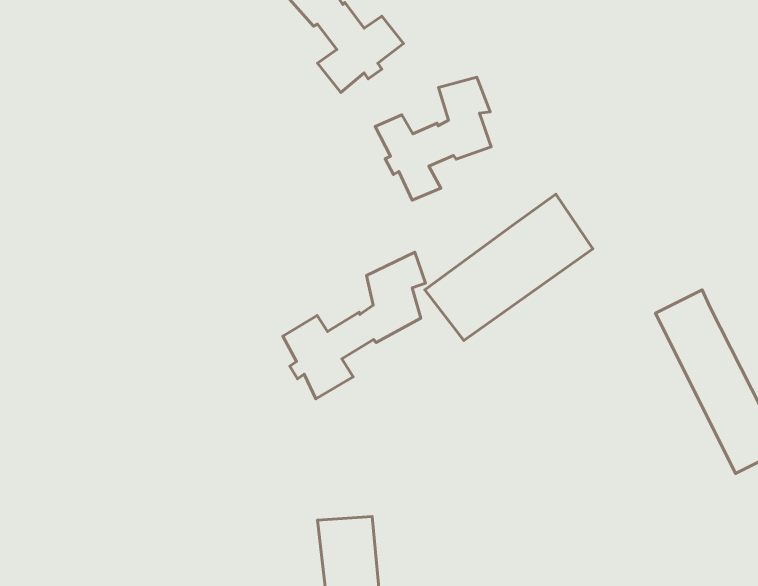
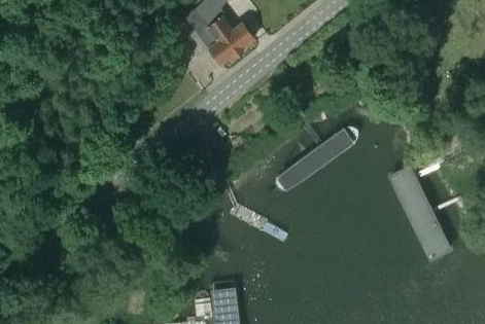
building: [375,77,491,200] -> none
building: [283,252,425,399] -> none

